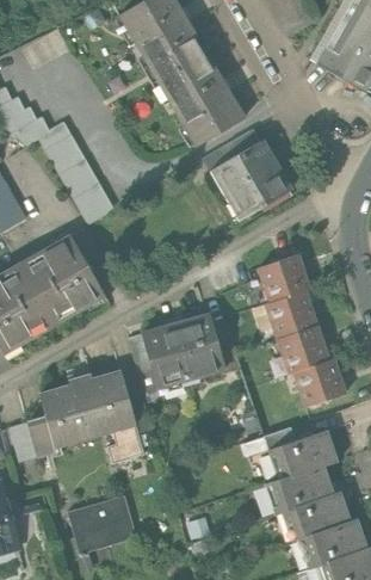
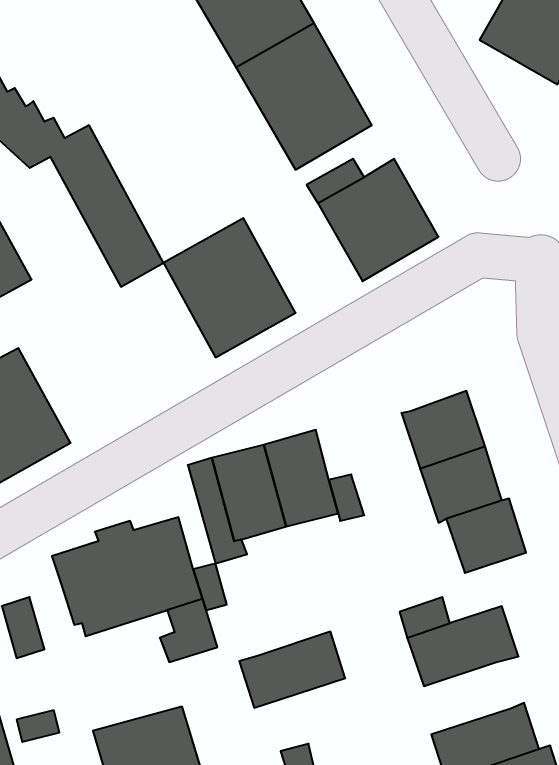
building: [19,234,104,323] -> [164,218,296,357]
building: [258,254,310,303] -> none
building: [26,414,62,455] -> none
building: [267,464,335,513] -> [239,632,345,708]

